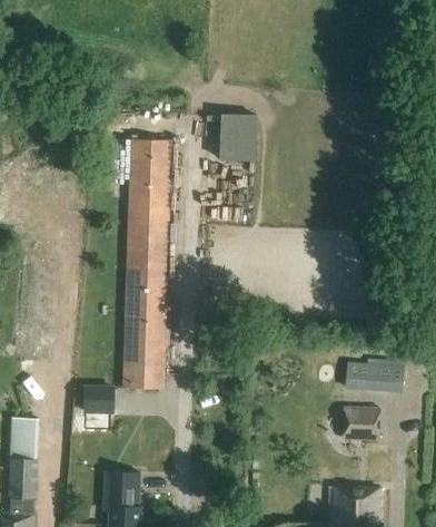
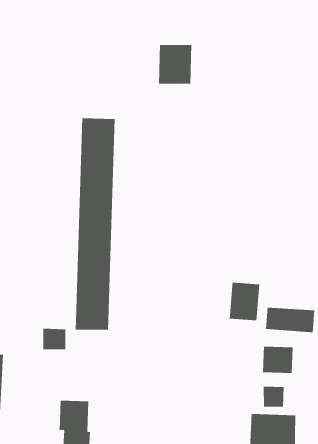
building: [216,111,256,158] -> [158,44,192,84]
building: none -> [229,282,260,321]
building: none -> [263,386,284,408]

